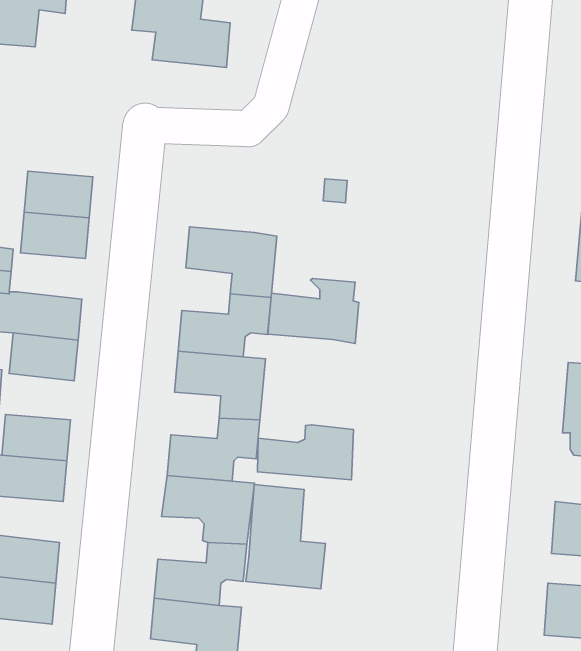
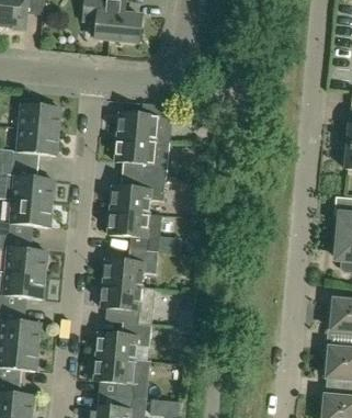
building: [268,278,359,343] -> [117,103,171,142]
building: [258,425,353,480] -> none
building: [246,485,325,589] -> none

